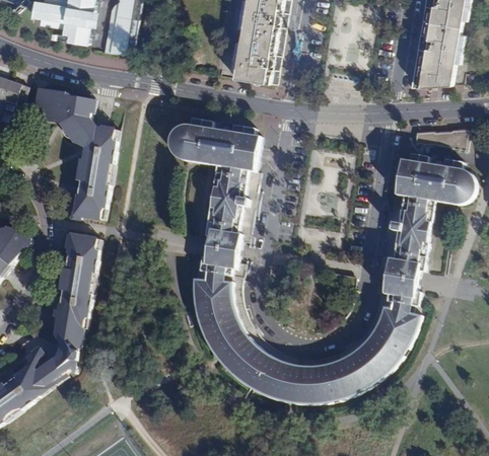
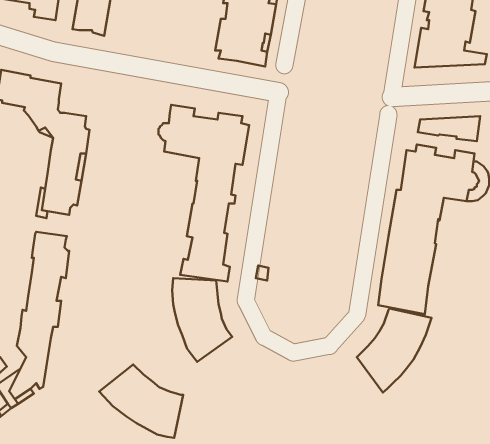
building: [167,126,189,161] -> none
building: [217,331,292,397] -> [99,364,183,438]
building: [294,349,373,399] -> none

